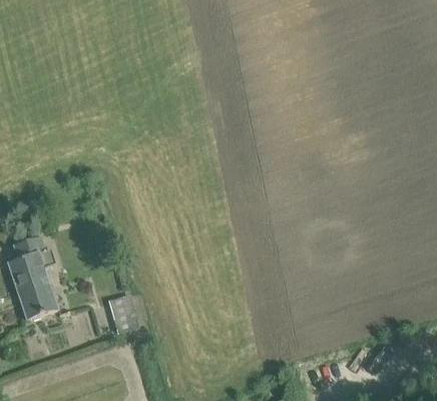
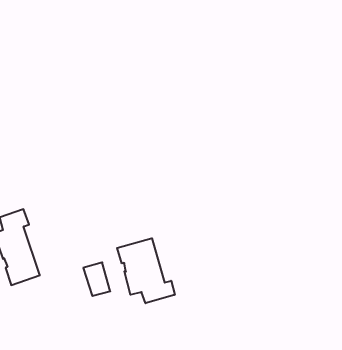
building: none -> [117,238,175,303]

